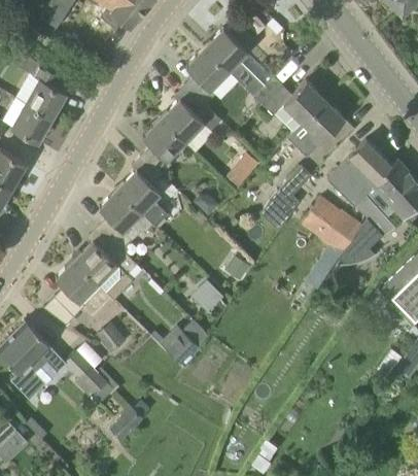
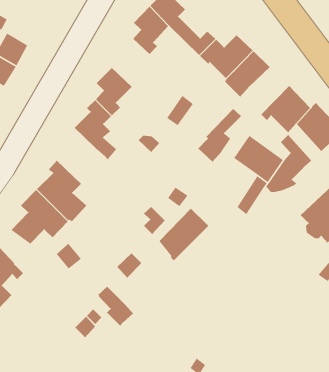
building: [162,87,221,152] -> none
building: [98,190,153,246] -> none
building: none -> [159,208,209,261]
building: [65,351,107,399] -> [97,286,134,327]

